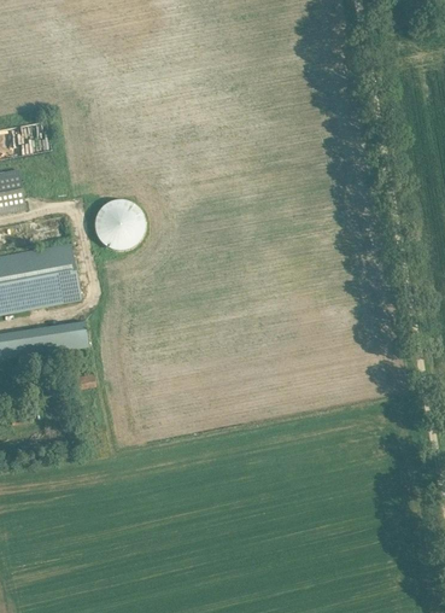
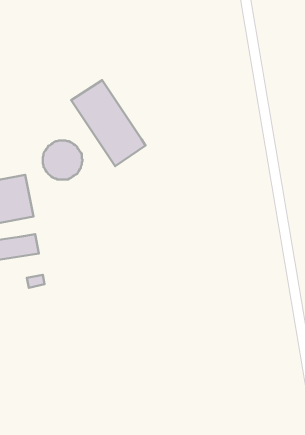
building: none -> [71,80,145,166]

